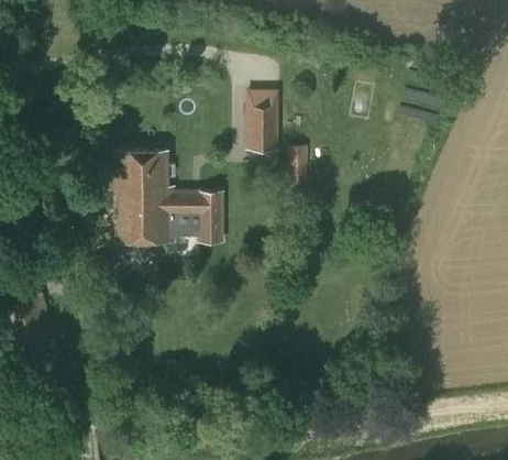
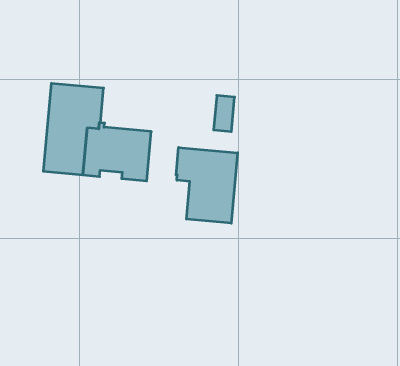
building: [246,105,275,150] -> none
building: none -> [176,147,238,223]

